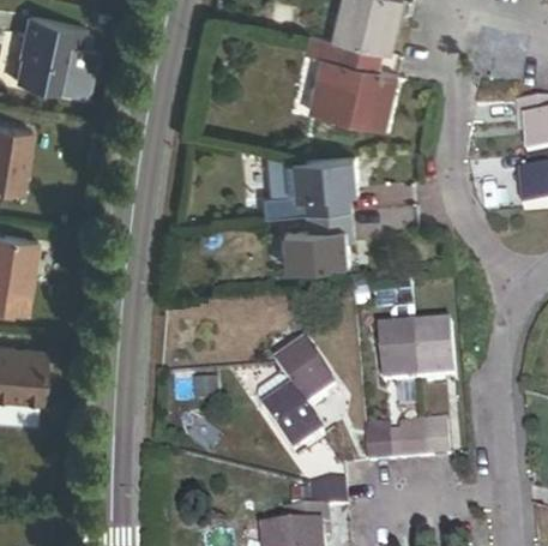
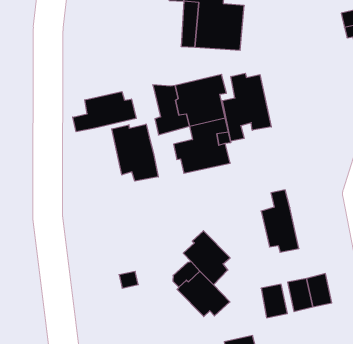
building: none -> [73,92,136,132]
building: none -> [222,73,271,141]
building: none -> [112,124,158,181]
building: [415,322,454,380] -> none

